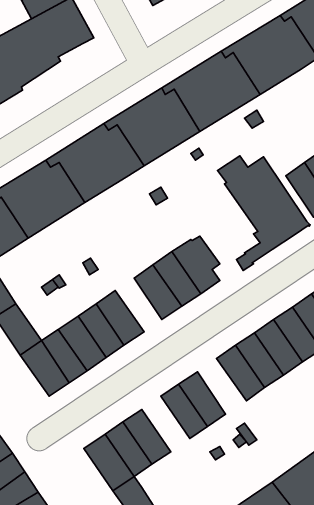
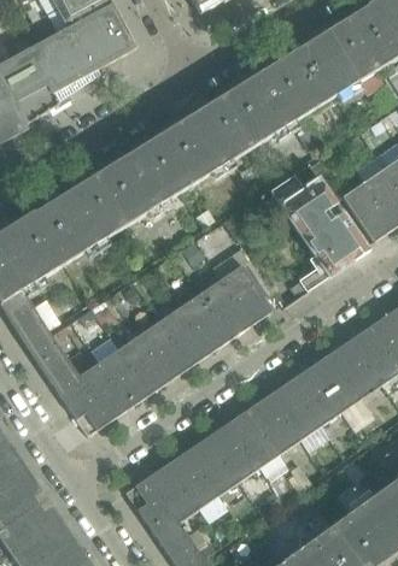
building: none -> [158,307,209,365]
building: none -> [247,394,300,454]
building: none -> [187,435,239,495]

